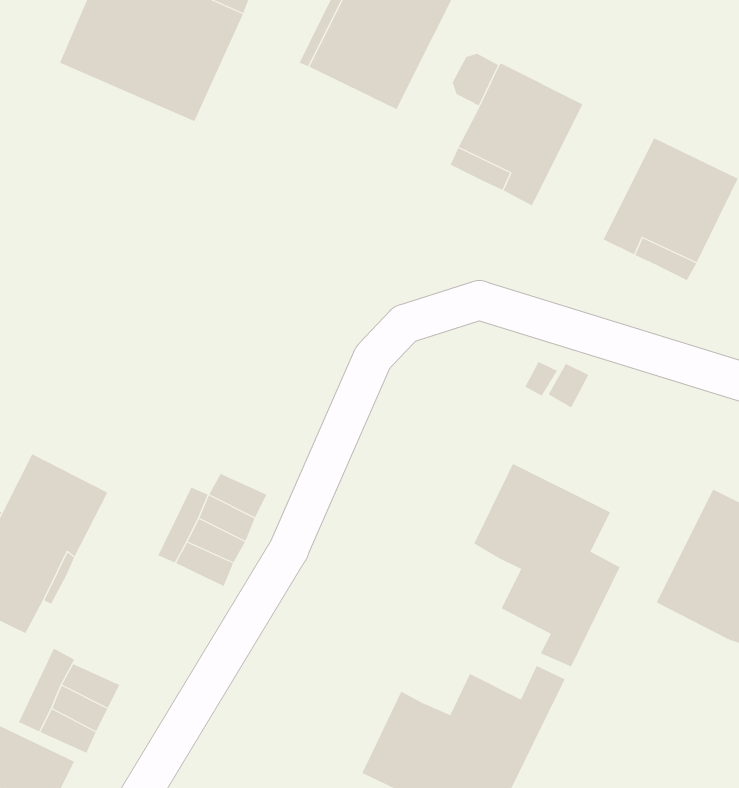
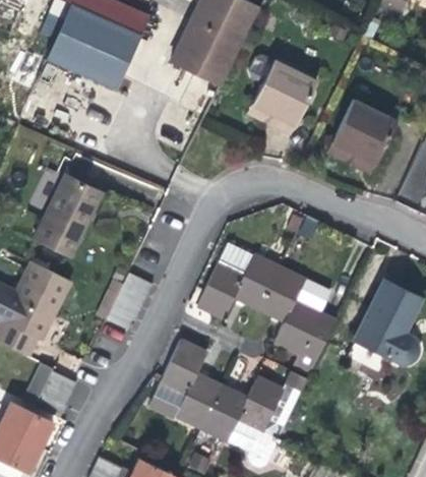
building: none -> [34,174,102,256]
building: none -> [196,241,280,317]
building: none -> [149,339,222,427]

